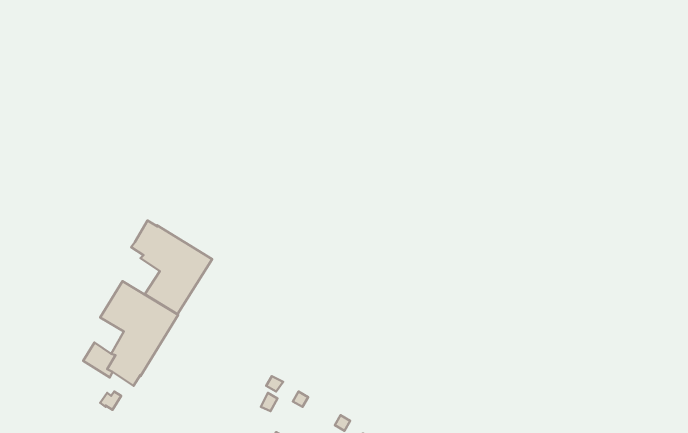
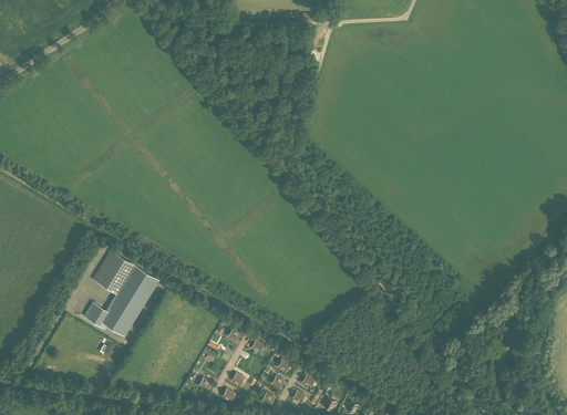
building: [131,220,212,314] -> none

